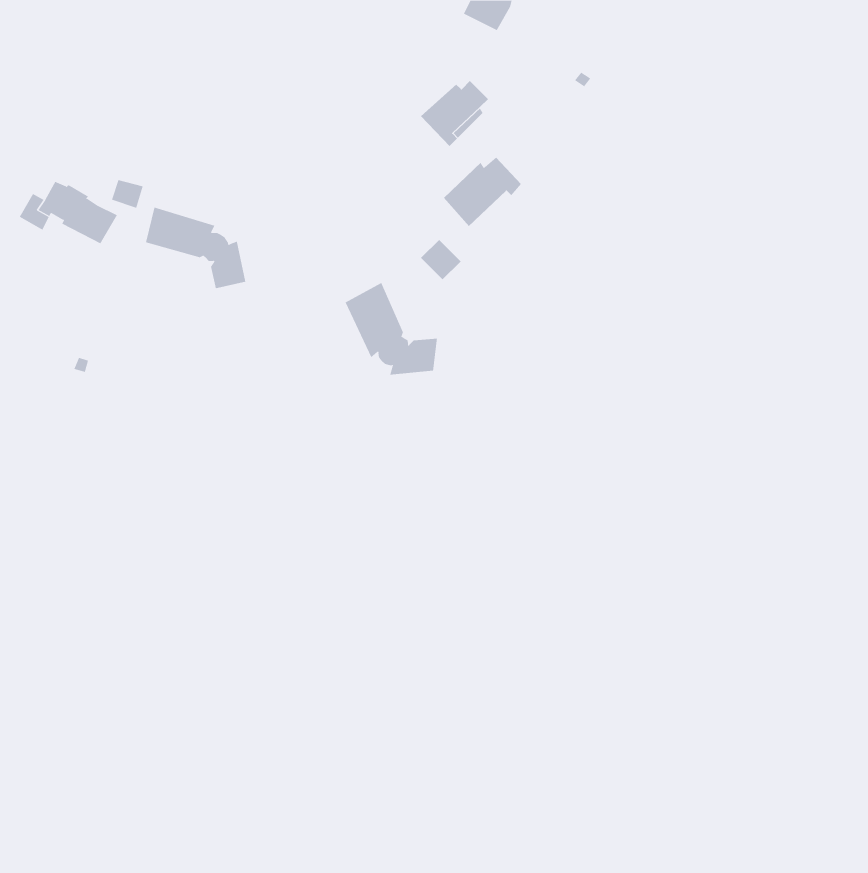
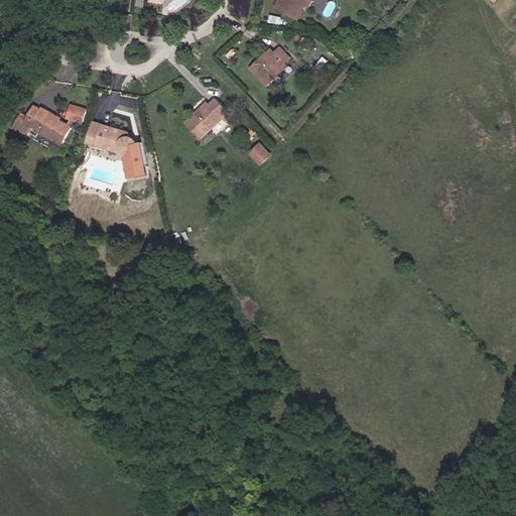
building: [443,157,522,227] -> [183,99,230,140]
building: [345,282,437,375] -> none

